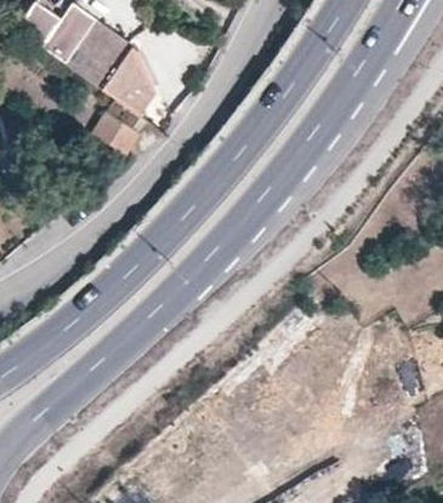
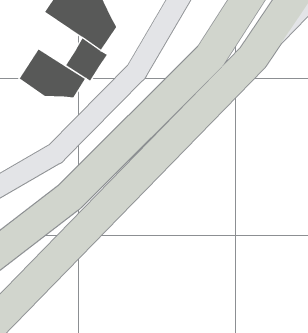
building: none -> [19,48,86,98]

